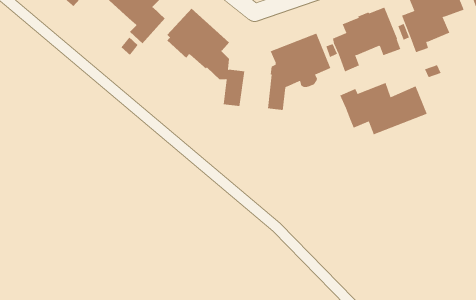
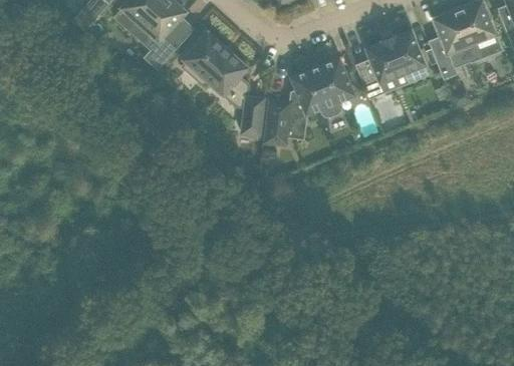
building: none -> [265,98,292,144]
building: [340,82,428,135] -> none

